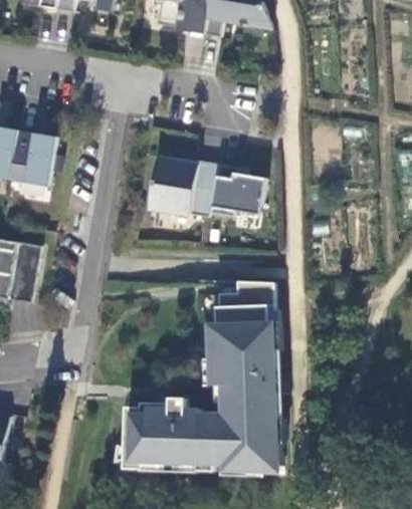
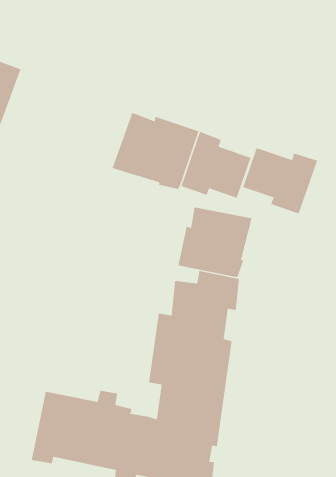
building: none -> [242,147,318,214]
building: none -> [177,207,252,278]

